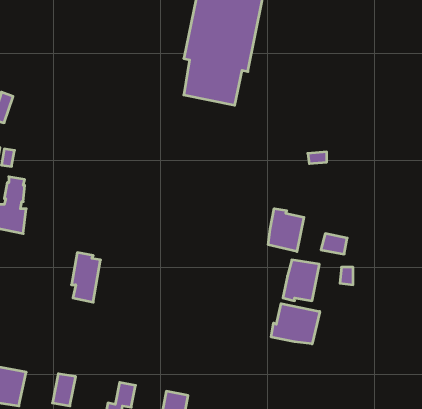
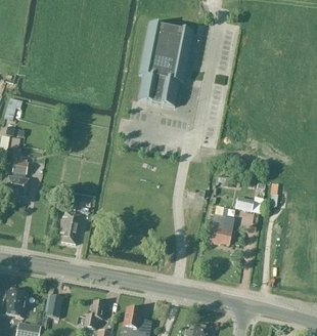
building: [268,209,304,252] -> none
building: [271,304,320,344] -> none

